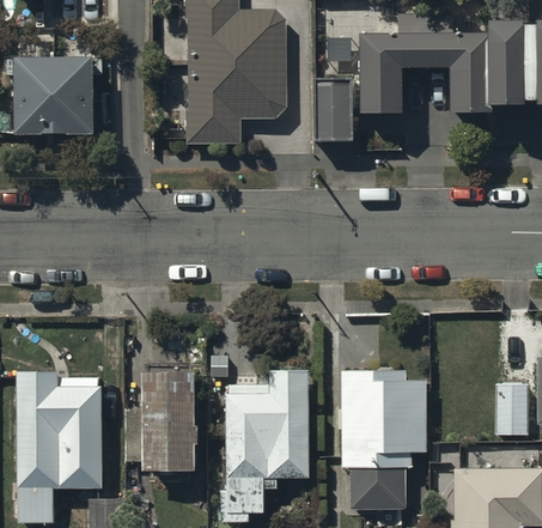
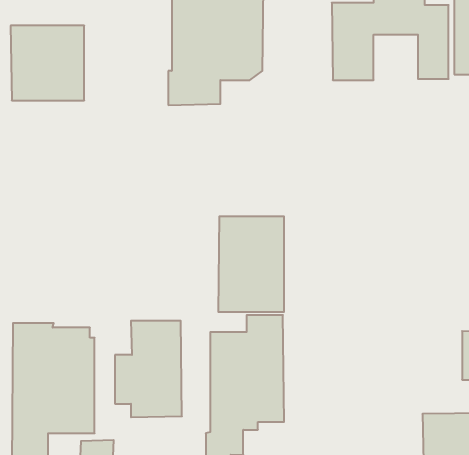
building: [312,78,354,144] -> none
building: none -> [218,216,284,312]
building: [340,369,427,505] -> none

